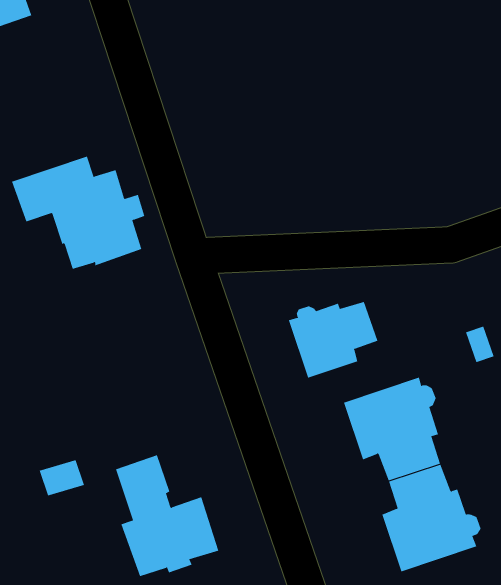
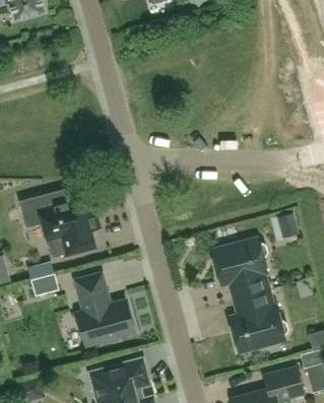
building: [11,156,145,269] -> [20,189,98,255]
building: [288,301,378,379] -> none

